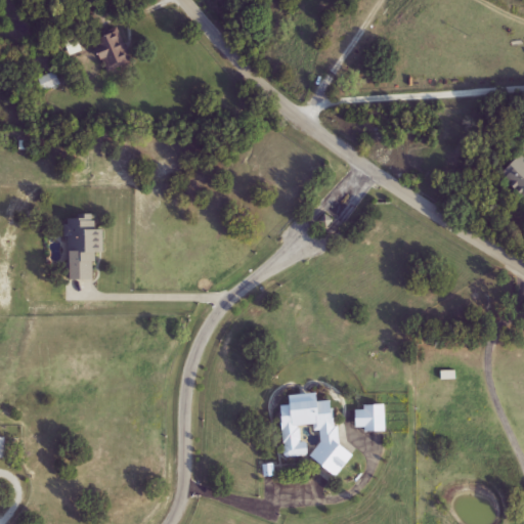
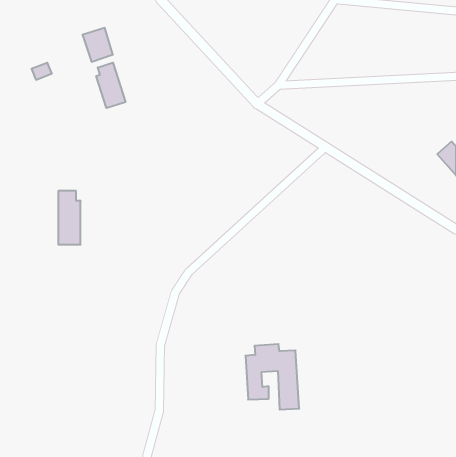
building: none -> [96,63,126,108]
building: [360,405,382,428] -> none

